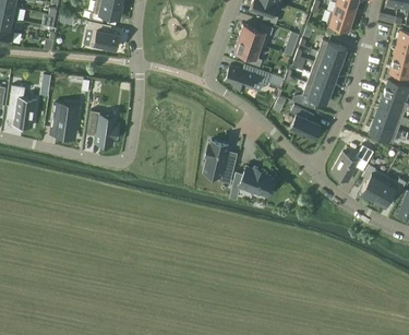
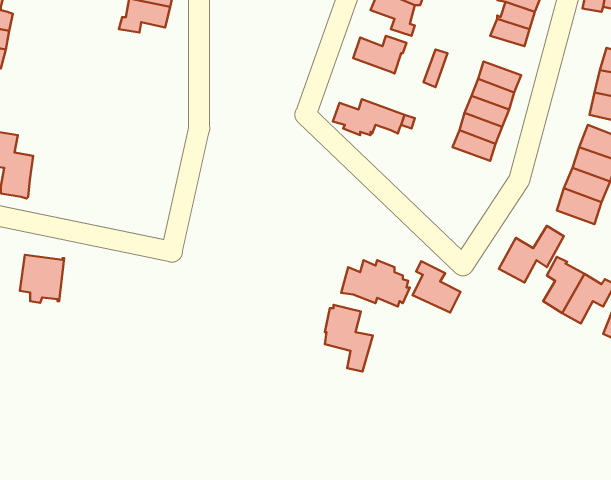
building: [85,22,118,49] -> none
building: [233,38,263,68] -> none
building: [50,105,79,135] -> [20,255,64,303]
building: [289,106,320,139] -> [413,261,461,312]
building: [87,111,119,145] -> none
building: [205,141,236,183] -> [325,305,373,372]

